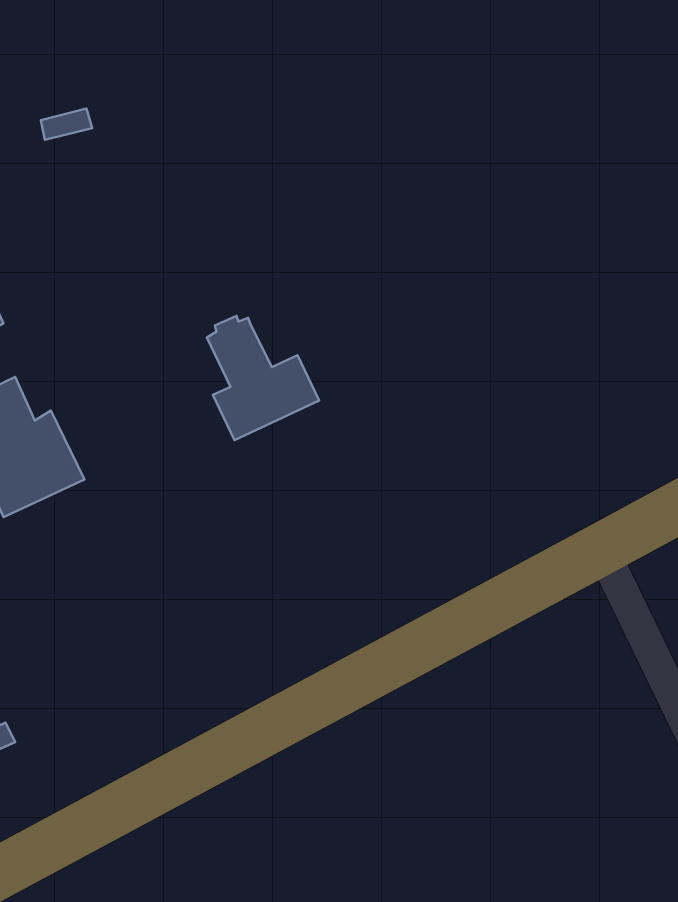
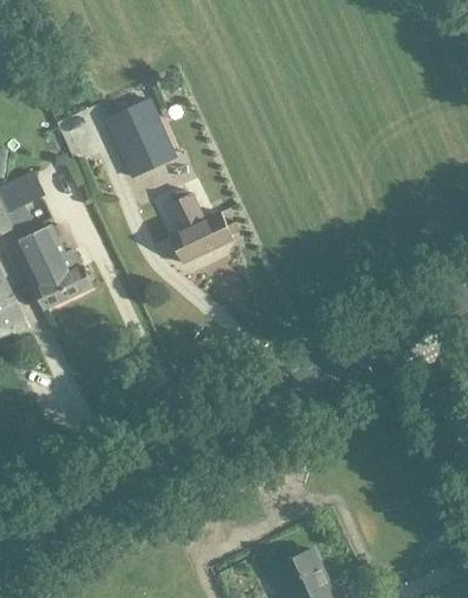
building: none -> [105,96,178,177]

